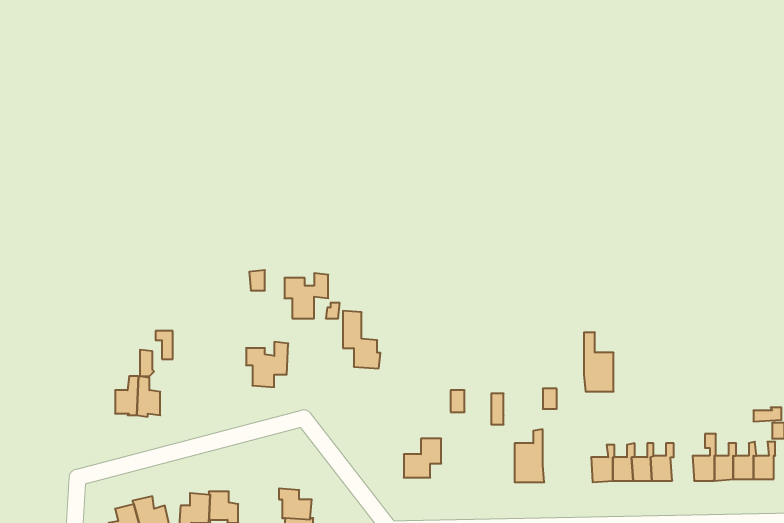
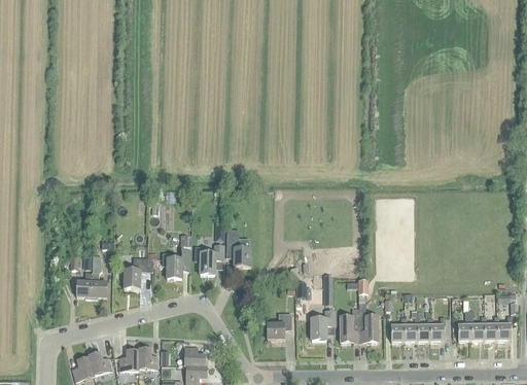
building: [284,273,328,318] -> [195,244,223,274]
building: [584,332,614,392] -> [358,303,378,342]
building: none -> [124,257,152,288]
building: none -> [311,310,335,340]

